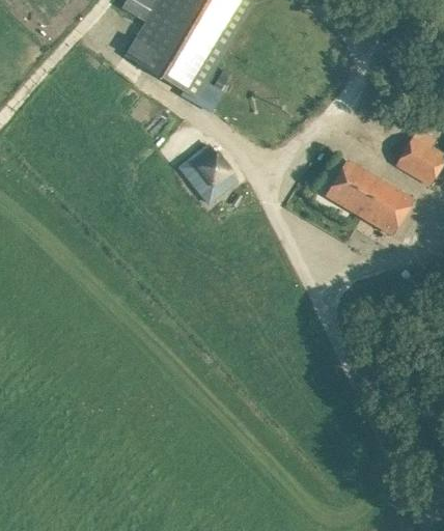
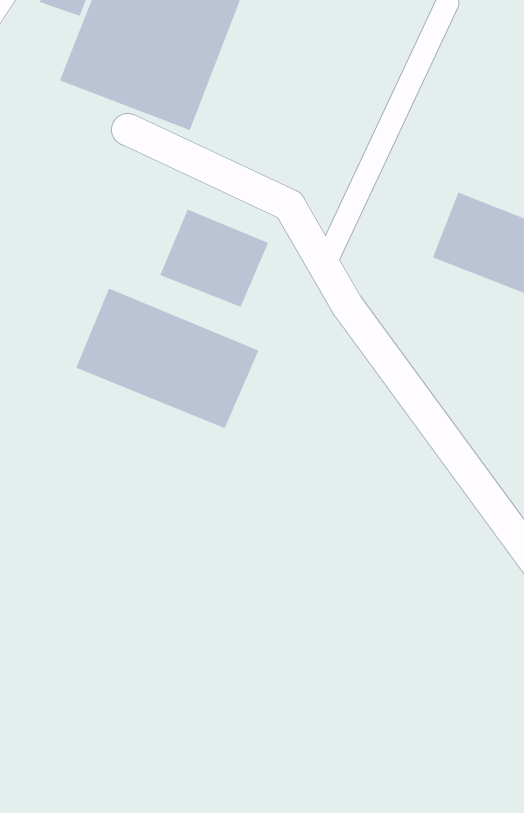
building: none -> [75,287,260,429]

